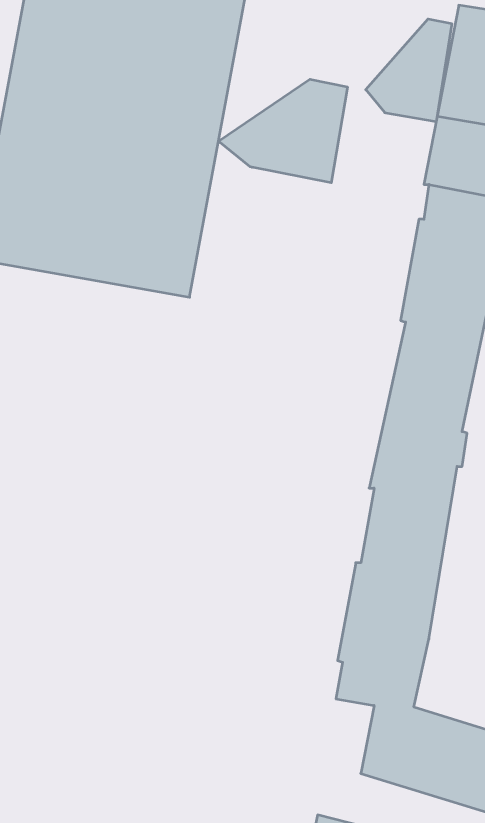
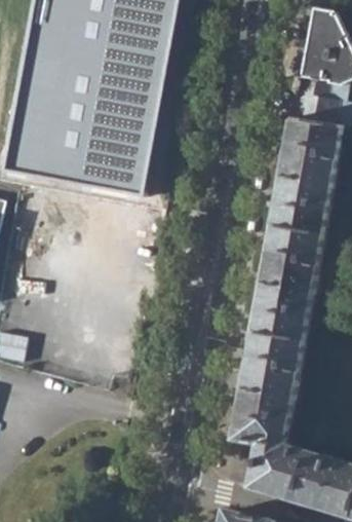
building: [366,19,452,122] -> none
building: [219,79,347,183] -> none

